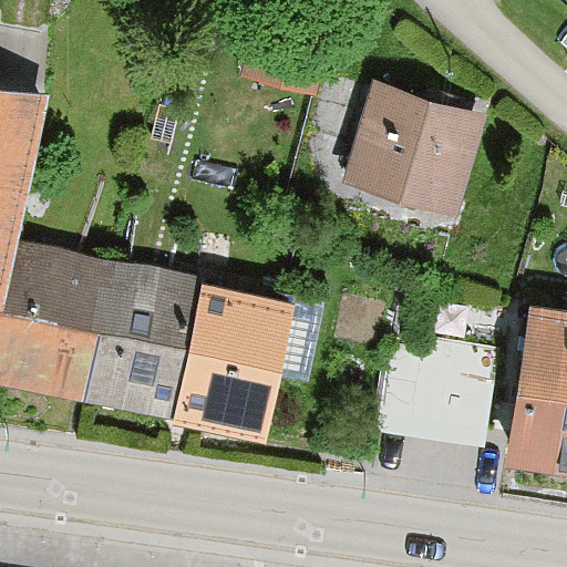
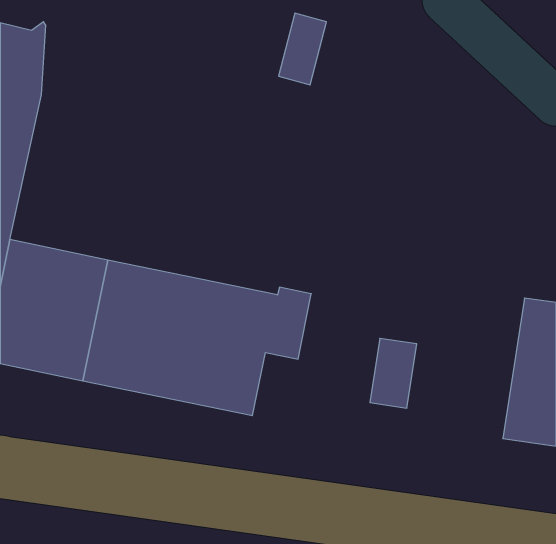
building: [360,99,472,204] -> none
building: [414,349,497,437] -> none

